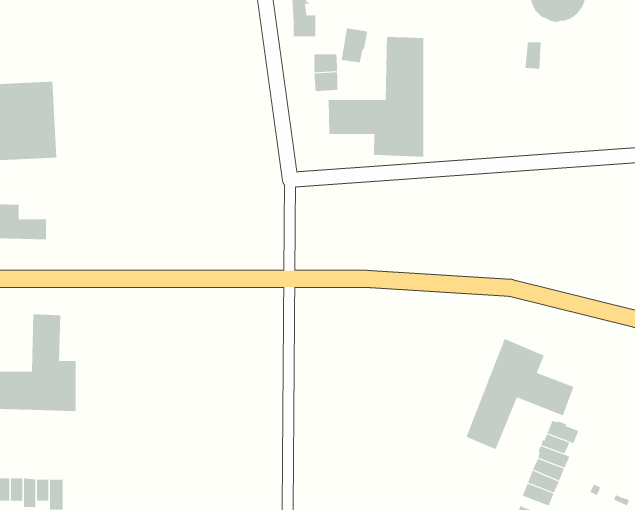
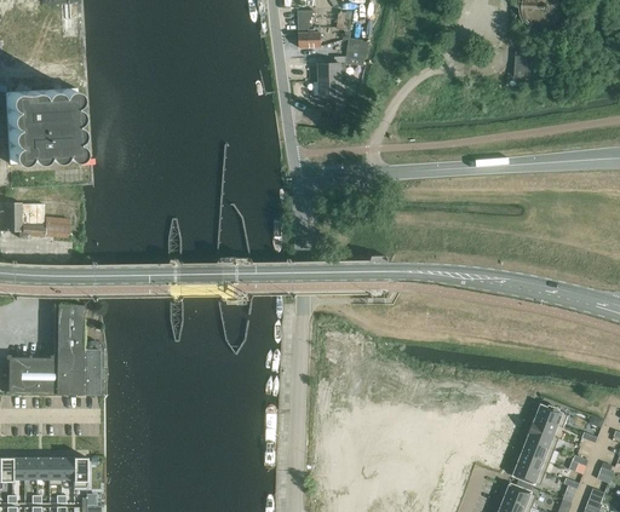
building: [328,36,424,157] -> none
building: [466,338,574,450] -> none

